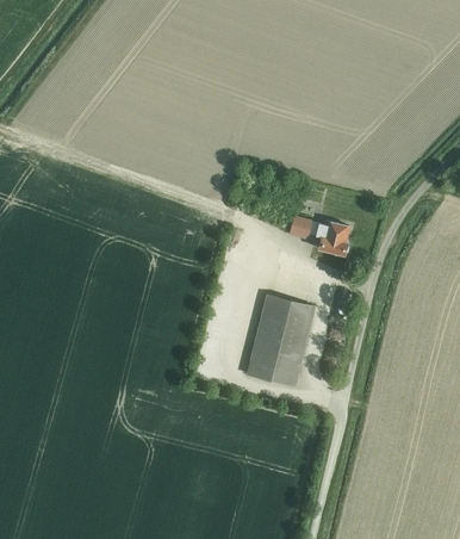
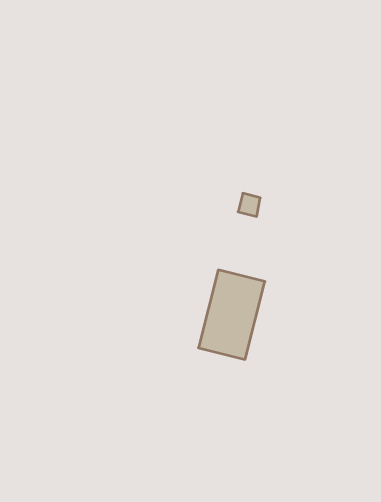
building: [316,221,349,255] -> none

